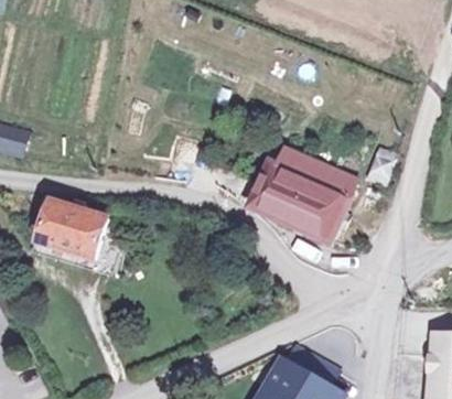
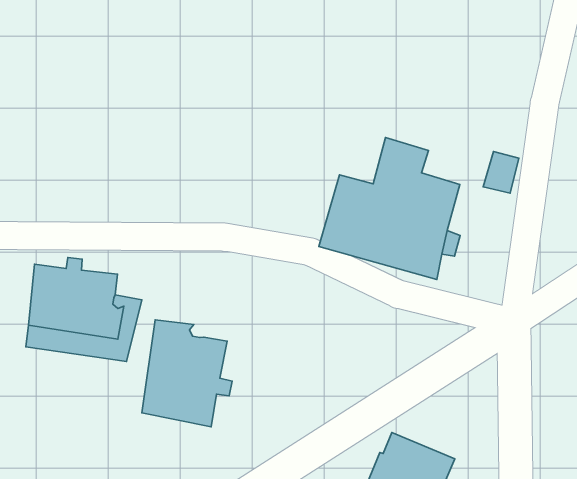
building: none -> [142,320,232,427]

